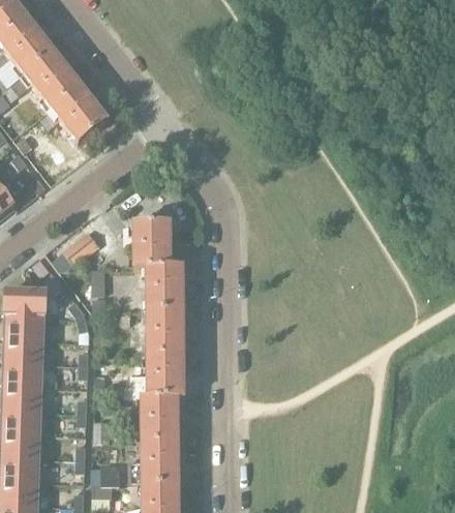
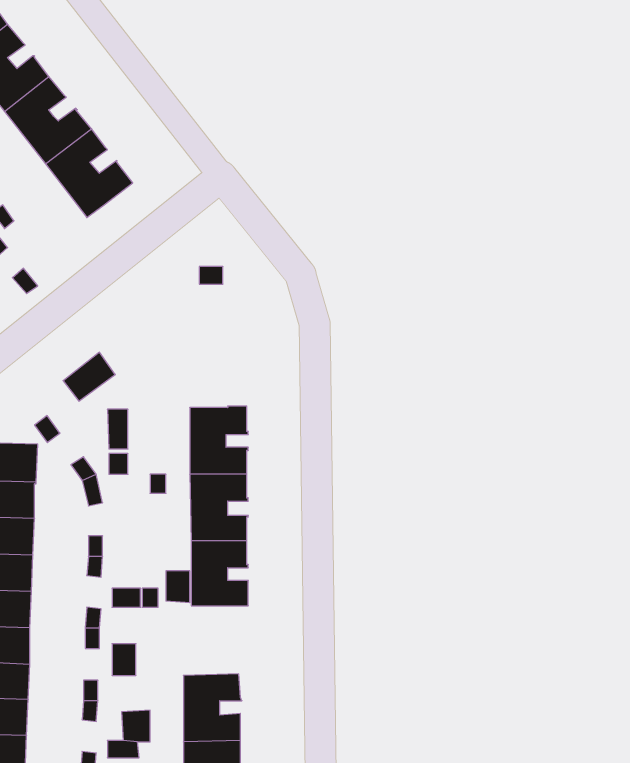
building: [133,222,172,267] -> none
building: [142,396,184,442] -> none

